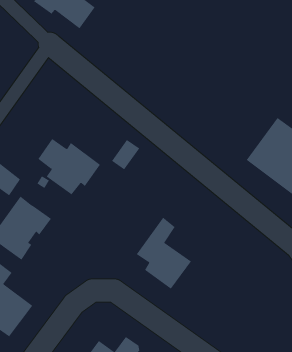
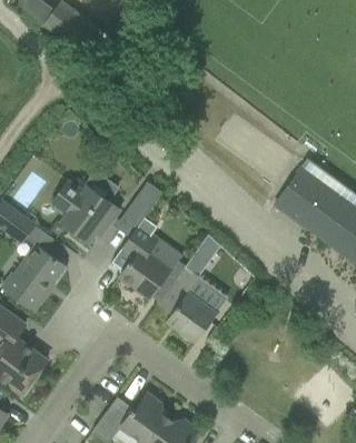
building: none -> [120,225,174,299]
building: none -> [187,235,221,276]

